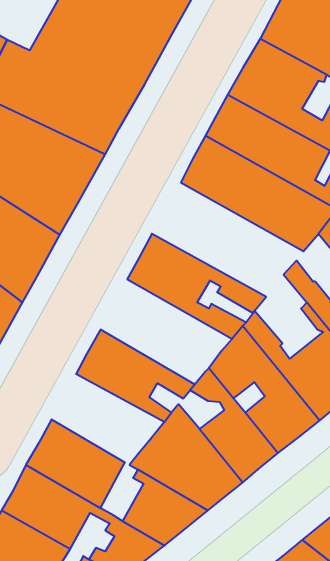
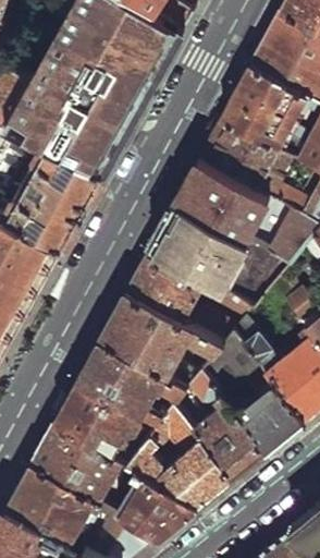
building: none -> [150,197,292,304]
building: none -> [102,288,225,386]
building: none -> [57,376,162,461]

